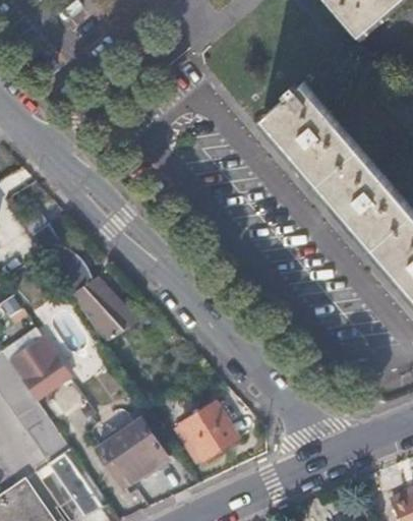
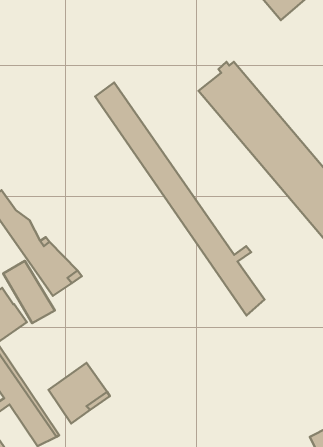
building: none -> [95,83,265,316]
building: [181,401,238,459] -> none

